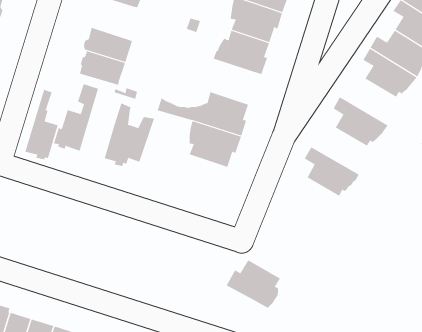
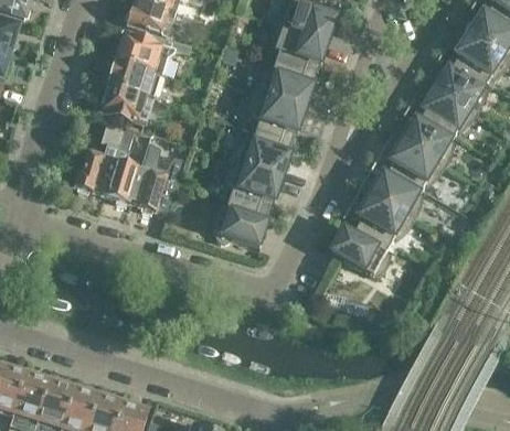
building: none -> [118,32,188,72]
building: none -> [247,91,305,142]
building: none -> [391,114,454,165]
building: [25,89,58,160] -> [104,125,141,203]
building: none -> [359,168,422,219]
building: none -> [209,197,267,248]
building: [226,260,281,309] -> [330,223,391,277]

